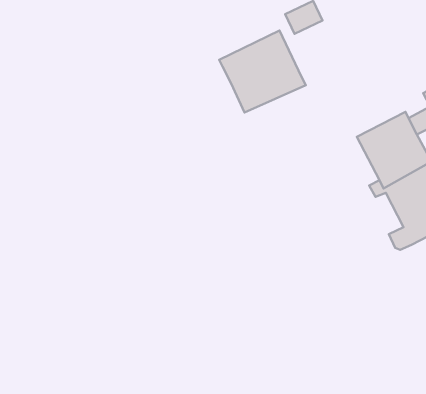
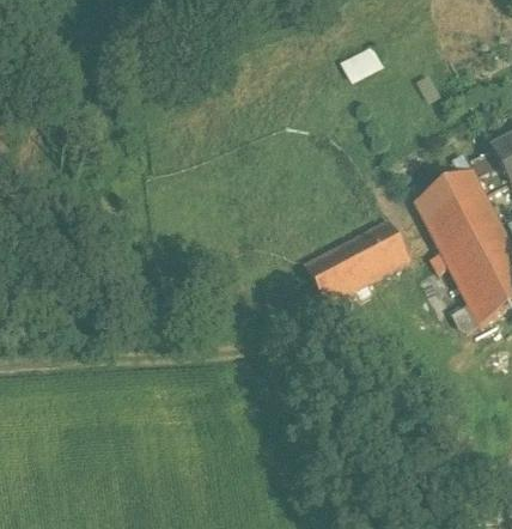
building: [219,30,306,113] -> none
building: none -> [305,217,409,300]

